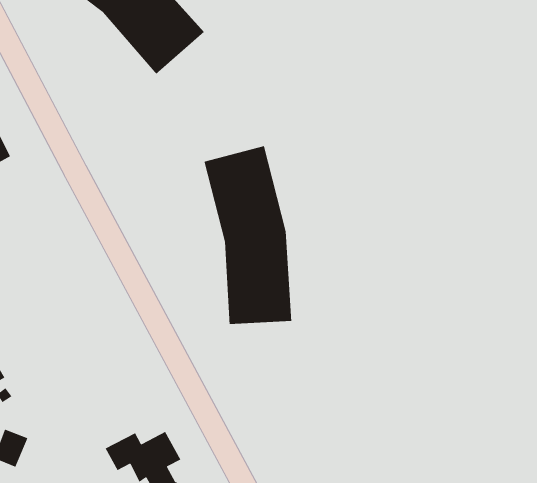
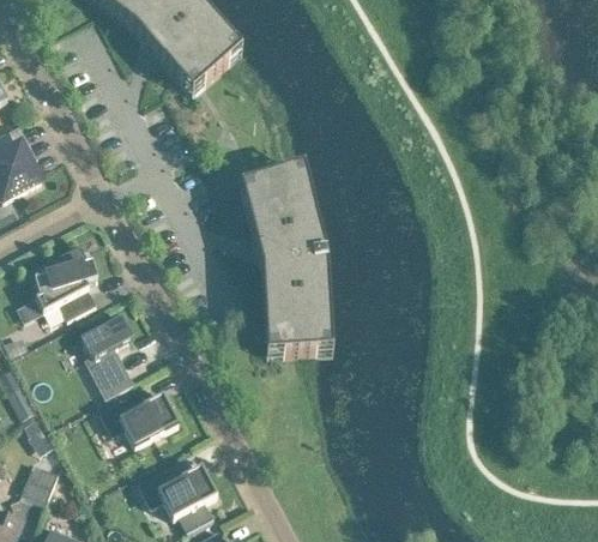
building: none -> [34,247,97,326]
building: none -> [80,314,133,397]
building: none -> [98,392,179,446]

